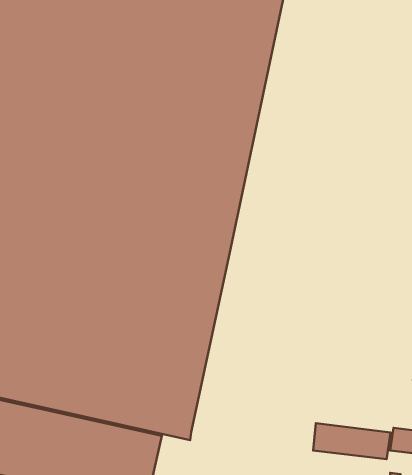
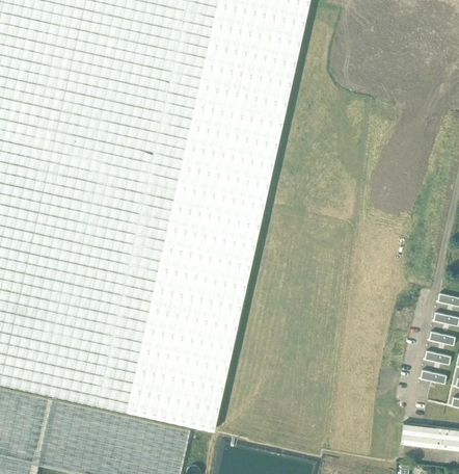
building: [313,423,391,459] -> none

